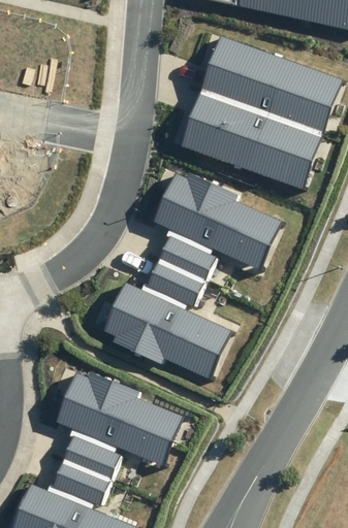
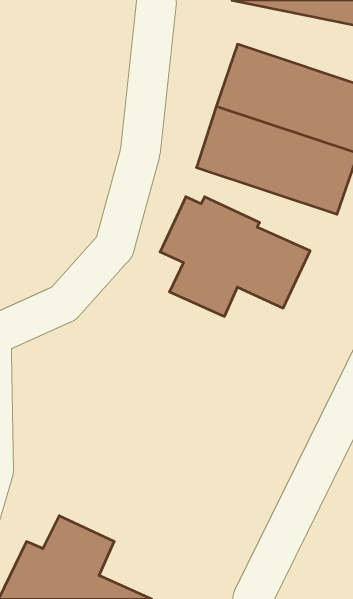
building: [100,257,234,382] -> none
building: [54,370,186,474] -> none

